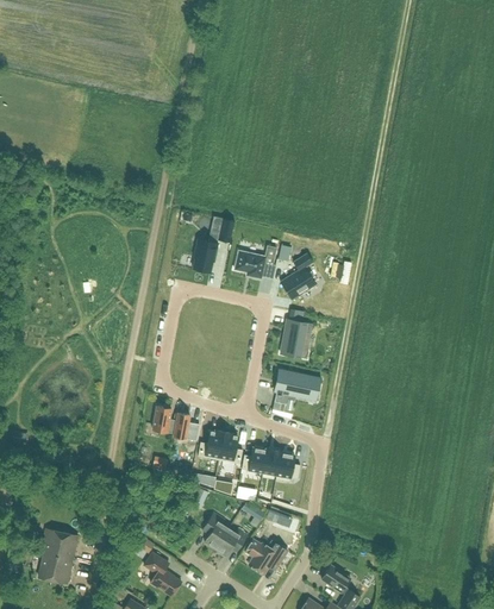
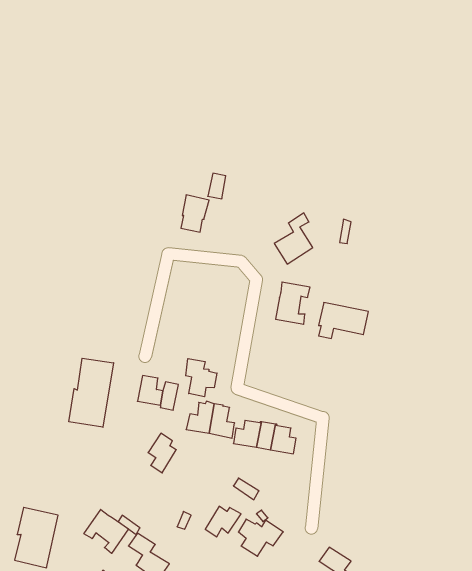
building: [235,246,276,278] -> none
building: [275,370,321,403] -> [319,303,368,338]
building: none -> [69,358,114,427]
building: none -> [186,359,217,397]
building: [202,511,229,548] -> [148,433,176,473]
building: none -> [84,509,129,553]

